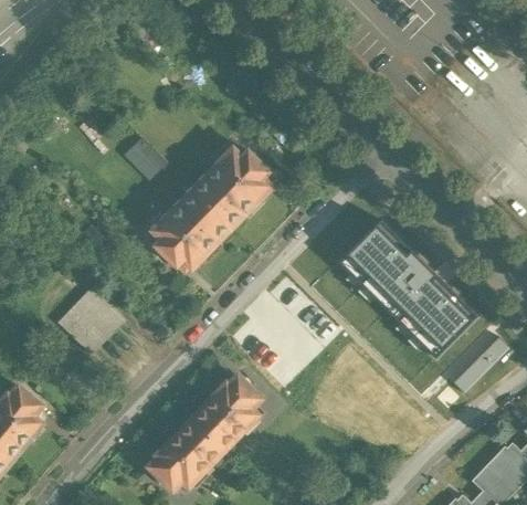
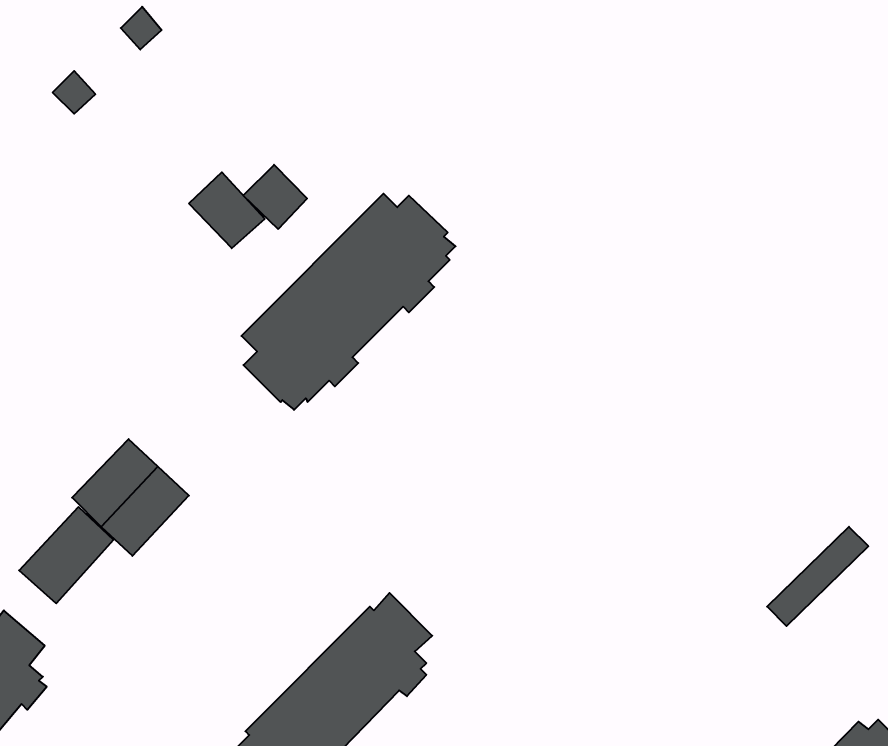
building: none -> [243,165,307,229]
building: [337,219,476,357] -> none
building: none -> [19,507,113,603]

